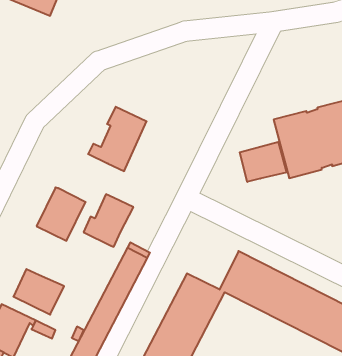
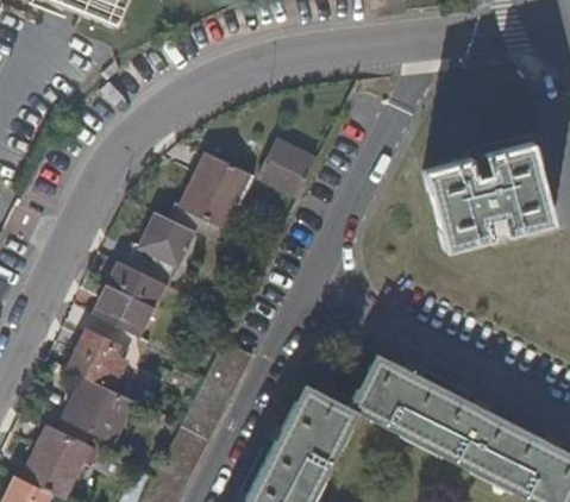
building: none -> [258,142,313,195]
building: [240,142,286,182] -> none
building: [84,194,133,247] -> [125,214,194,287]
building: none -> [67,333,117,387]

